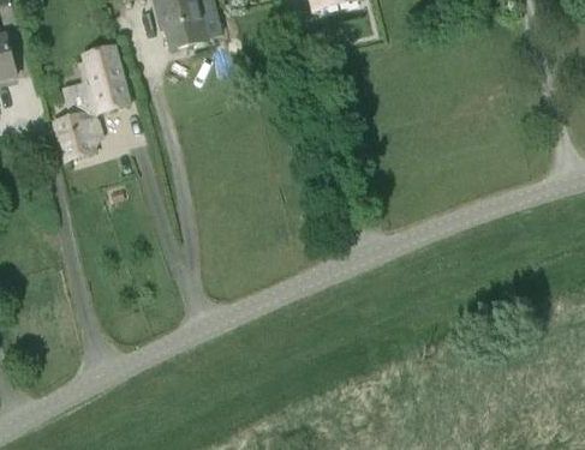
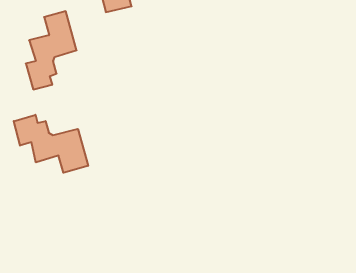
building: none -> [14,115,88,173]

